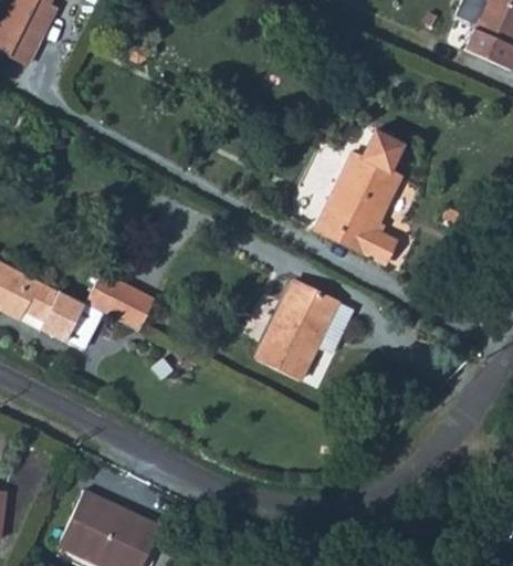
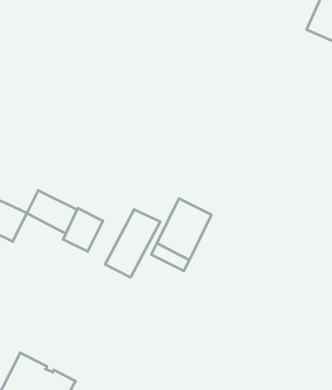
building: [315,130,405,264] -> none
building: none -> [63,208,103,252]
building: none -> [105,209,160,277]

